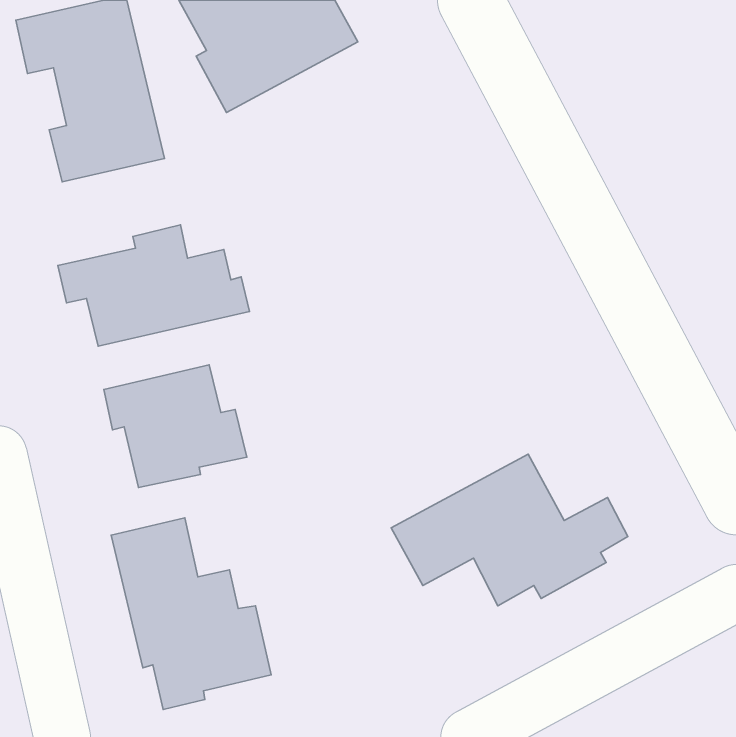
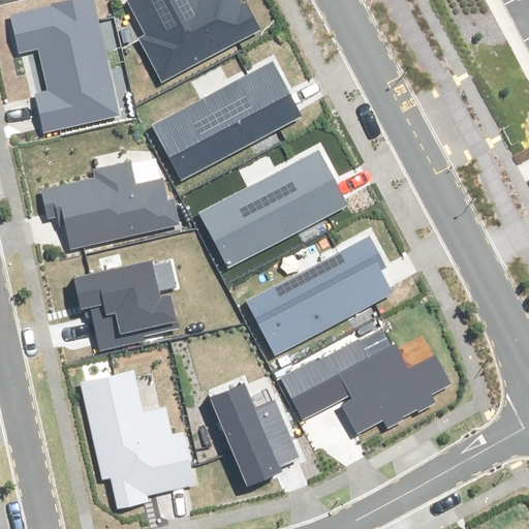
building: none -> [152,63,300,180]
building: none -> [199,150,345,268]
building: none -> [248,238,391,354]
building: none -> [210,384,297,486]

